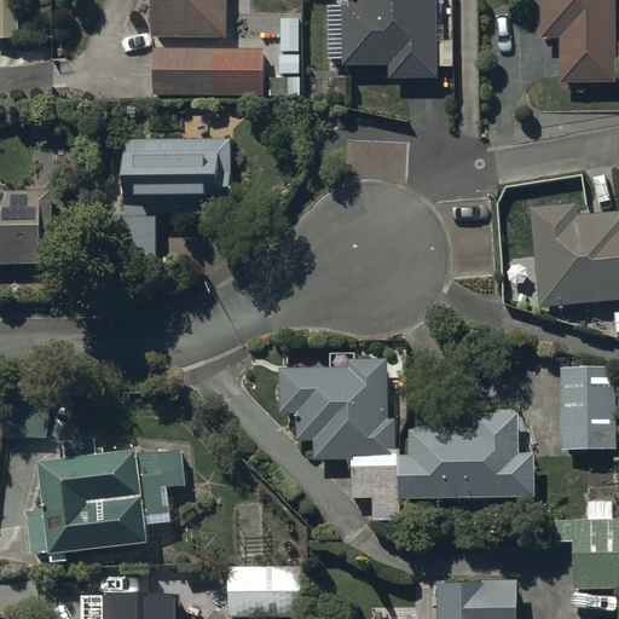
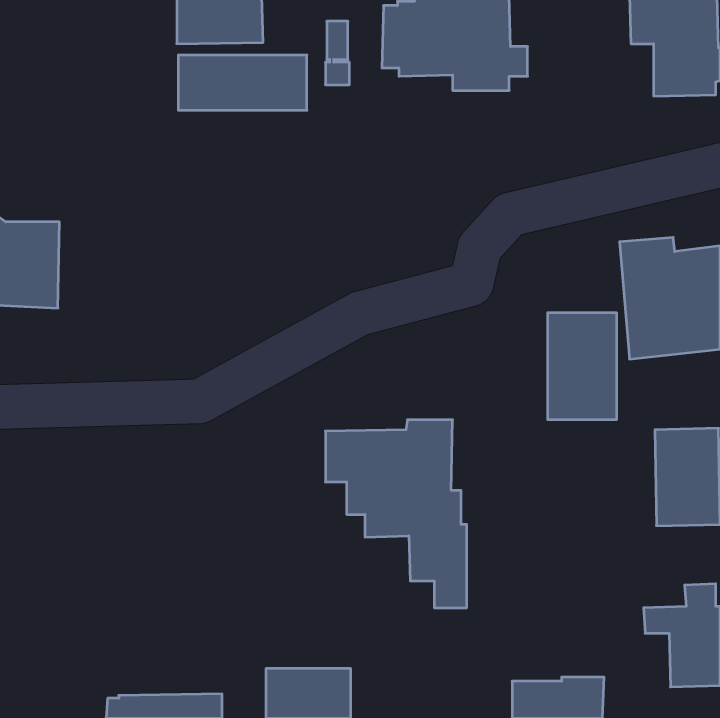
building: [106,139,230,260] -> none
building: none -> [548,313,616,420]
building: [399,399,533,519] -> none
building: [25,439,184,555] -> none

